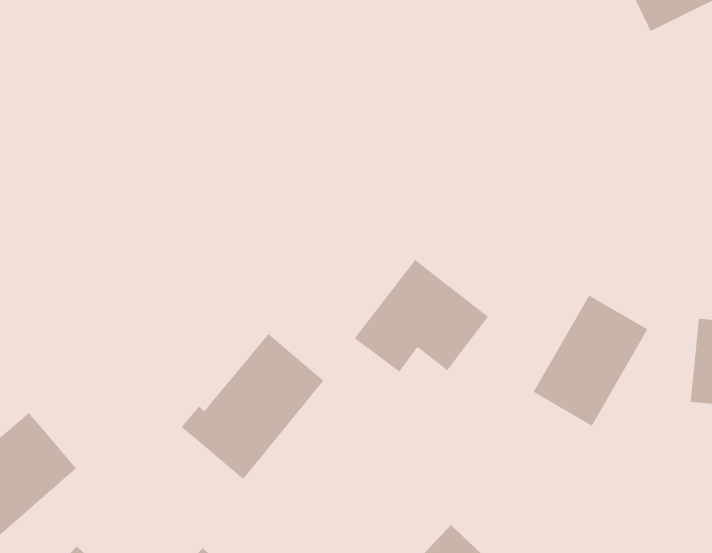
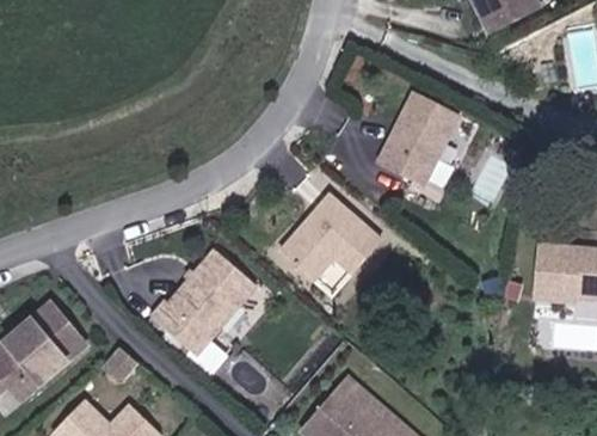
building: [533,295,648,426] -> [380,87,463,183]

